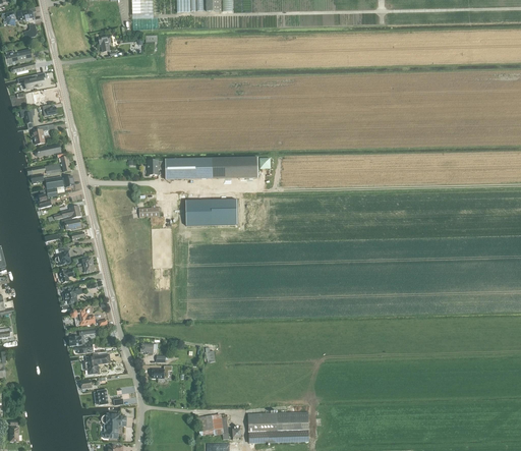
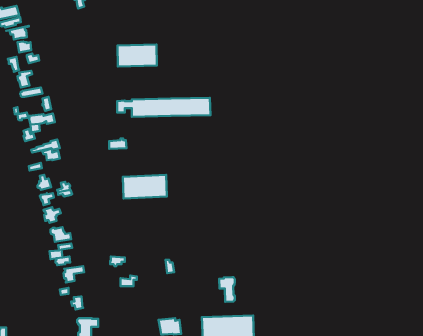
building: none -> [118,45,157,66]
building: [178,199,230,226] -> [123,175,167,198]
building: none -> [219,277,235,302]

